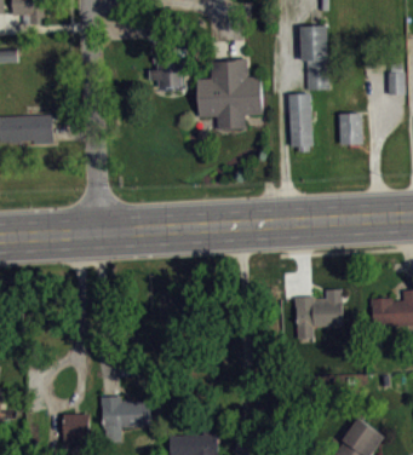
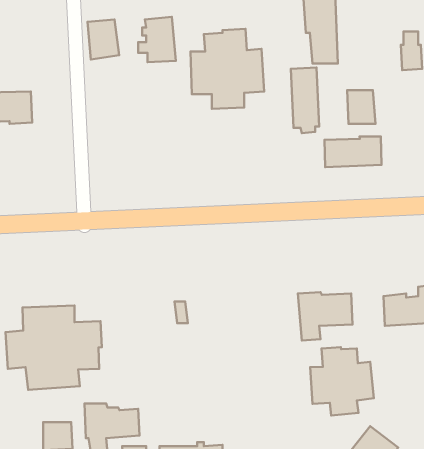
building: none -> [87,19,119,59]
building: none -> [325,136,382,167]
building: none -> [6,305,102,390]
building: none -> [310,347,374,415]

